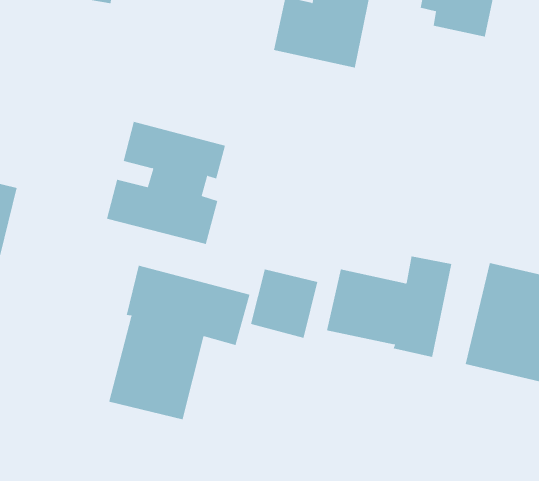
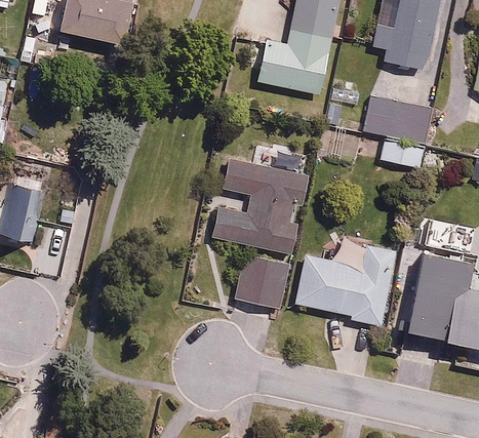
building: none -> [363,93,435,168]
building: [106,121,226,245] -> [213,159,309,257]
building: [108,265,250,420] -> none

